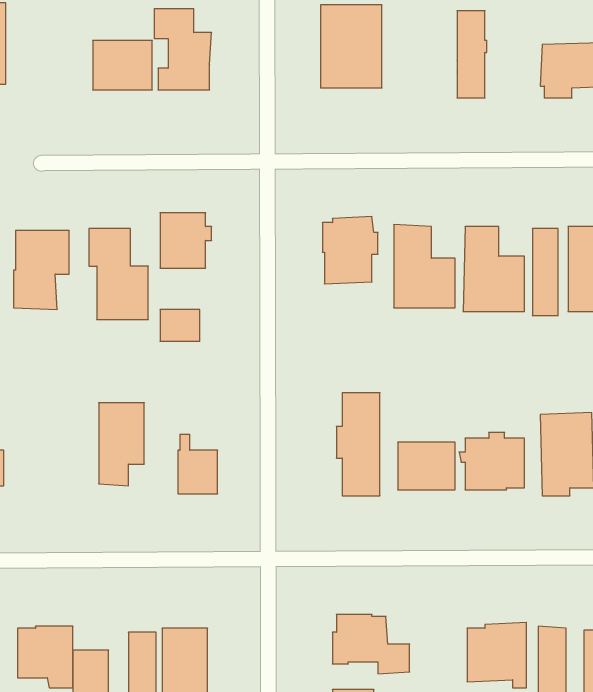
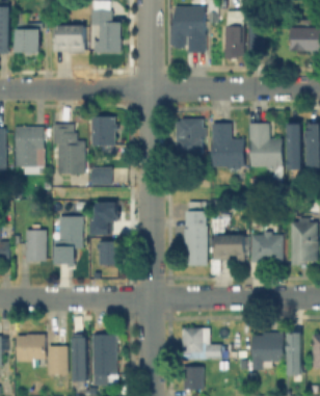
building: none -> [224,17,244,57]
building: none -> [16,23,41,54]
building: none -> [90,203,114,235]
building: none -> [25,230,46,261]

